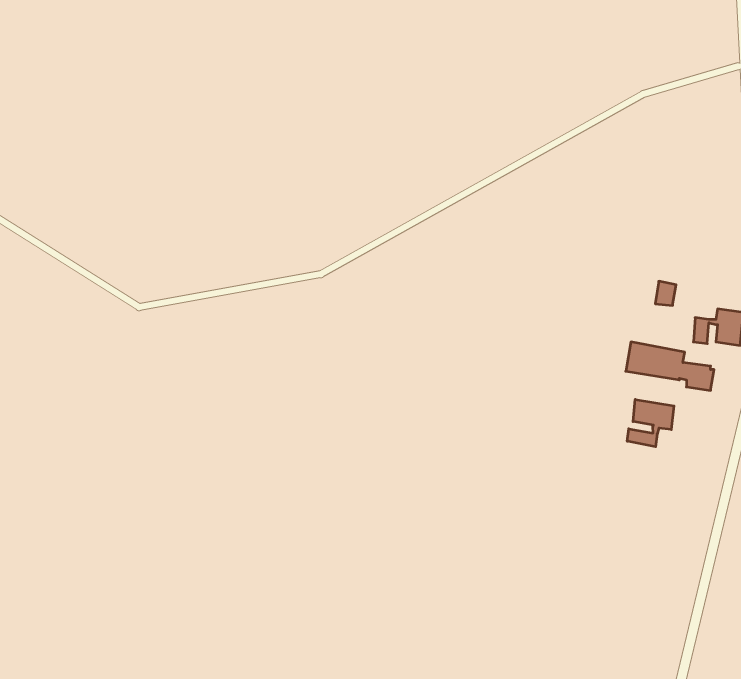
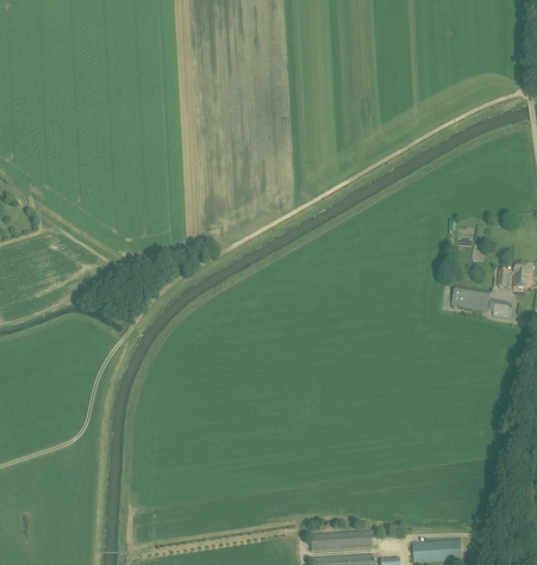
building: [627,399,674,447] -> none

